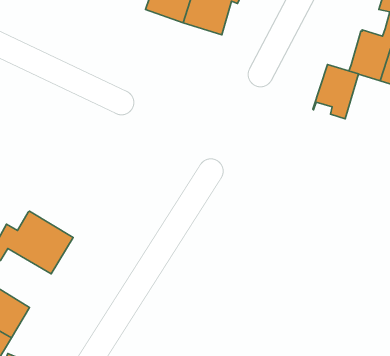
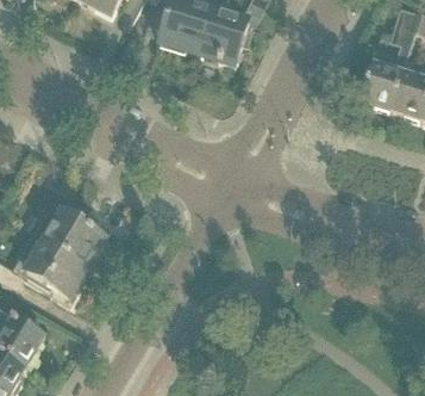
building: [313,64,358,119] -> none
building: none -> [35,204,104,266]

